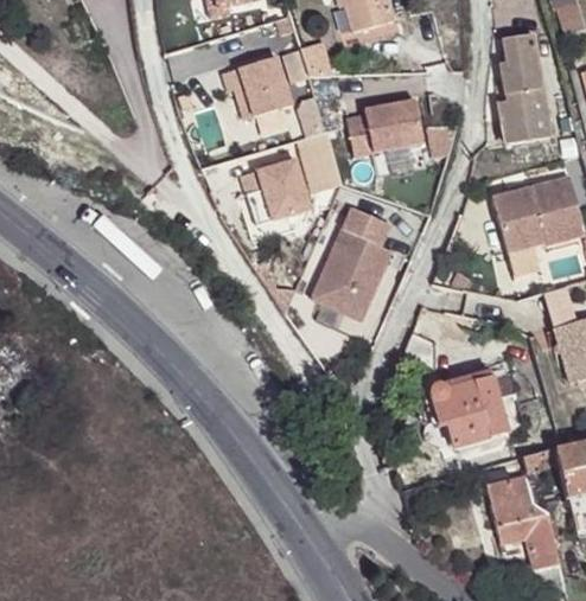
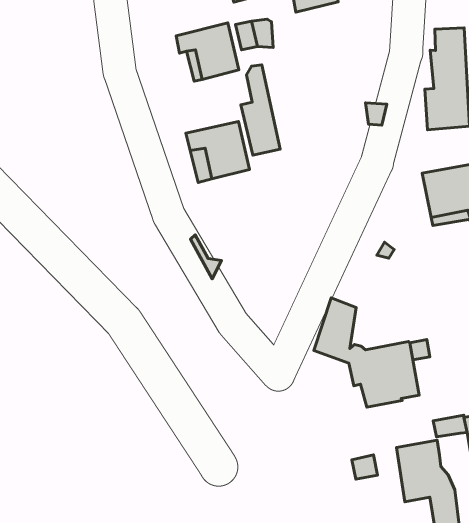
building: [346,96,425,153] -> none
building: [313,204,395,315] -> none

